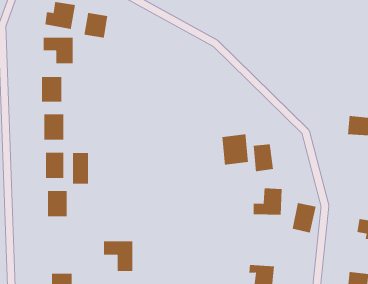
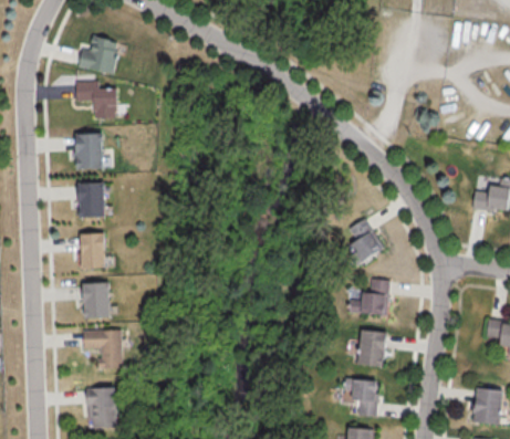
building: [84,12,108,39] -> none
building: [222,133,249,166] -> none
building: [73,152,89,184] -> none
building: [292,202,317,233] -> [355,327,387,367]
building: [103,241,133,271] -> [83,330,122,369]

